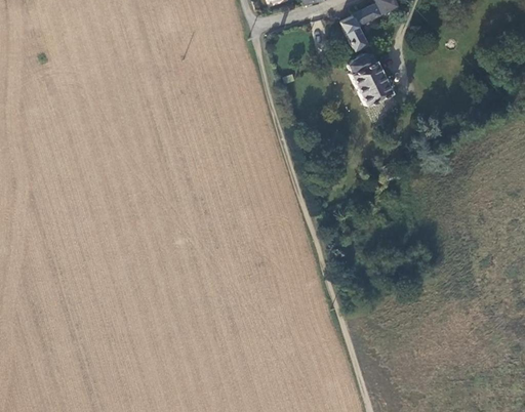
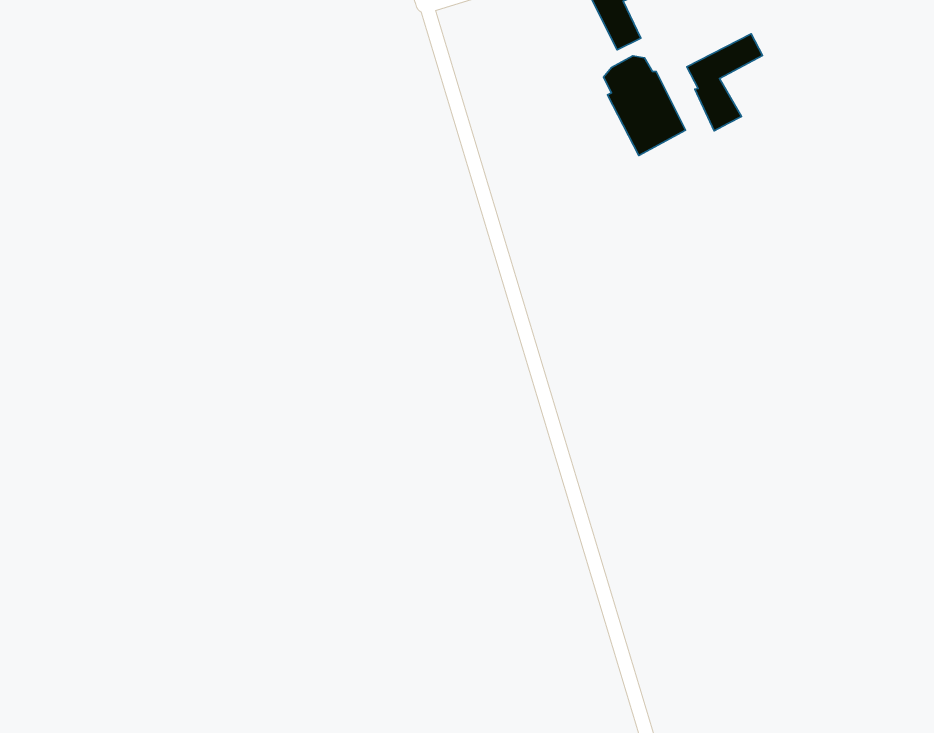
building: none -> [687,34,762,131]

